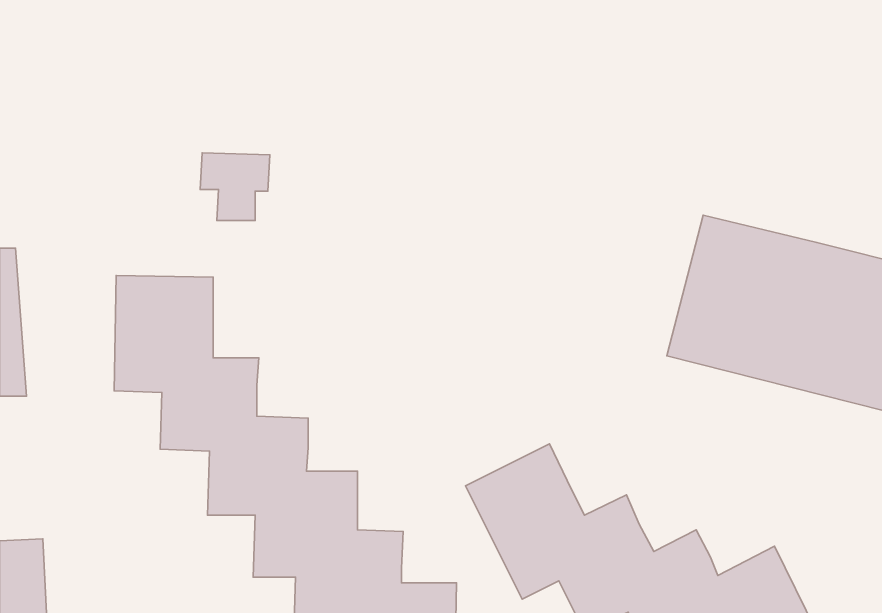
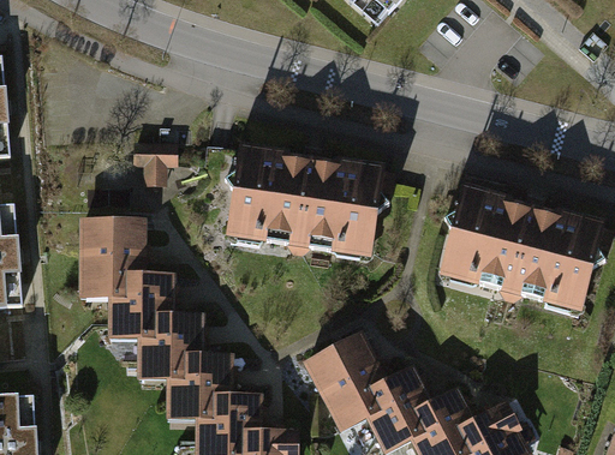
building: none -> [223,144,382,252]

